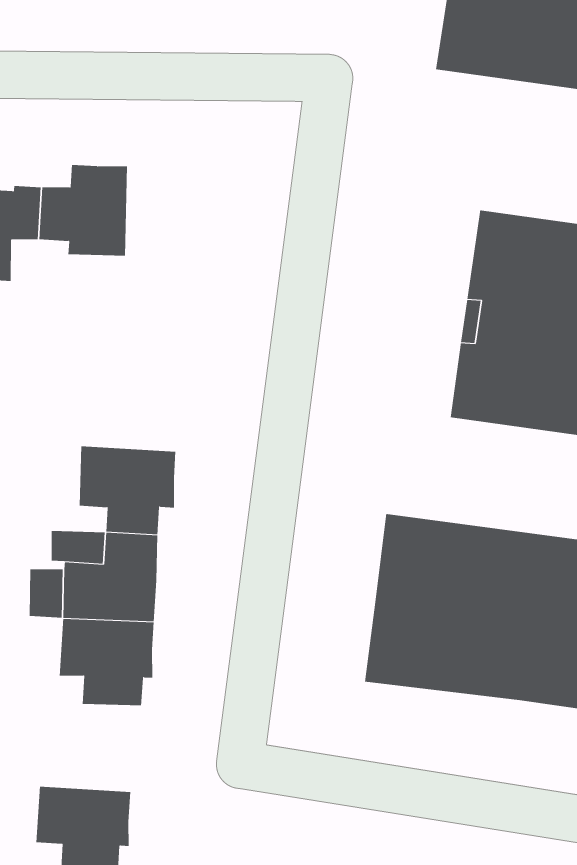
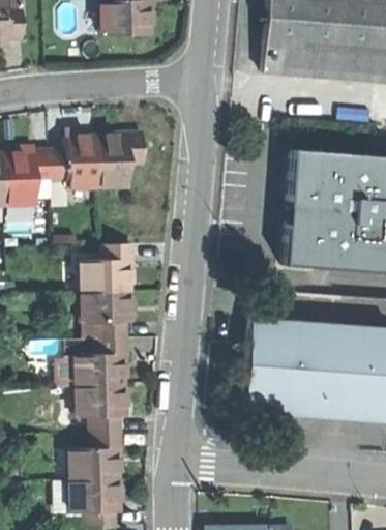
building: none -> [96,132,144,185]
building: none -> [80,244,132,291]
building: none -> [67,432,122,479]

